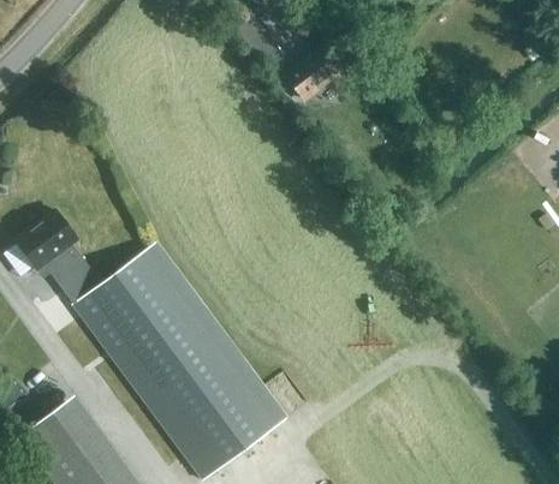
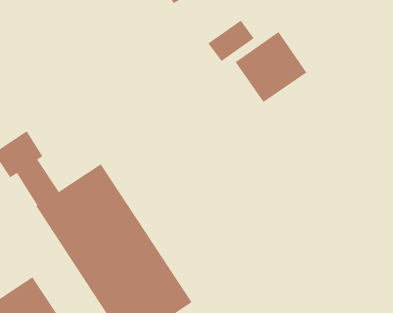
building: none -> [235,31,307,103]

